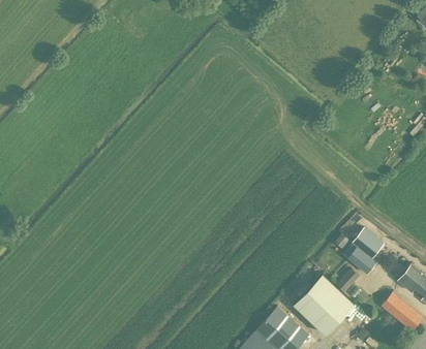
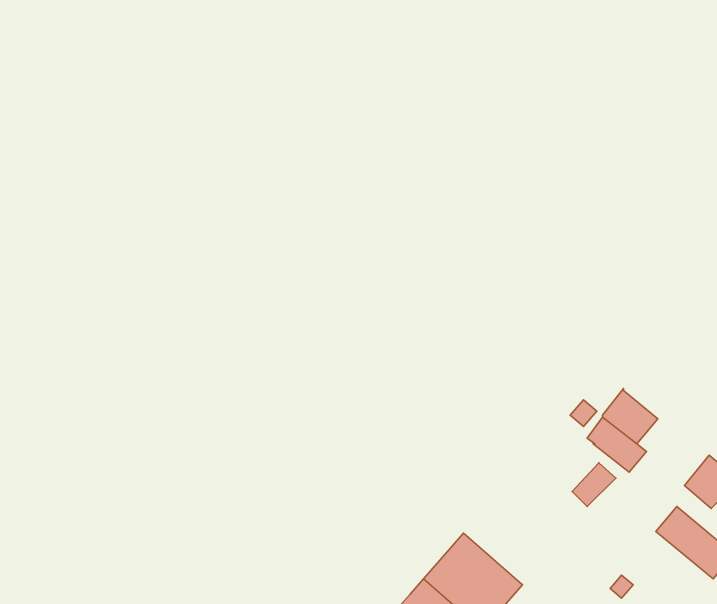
building: [293,273,354,334] -> none

